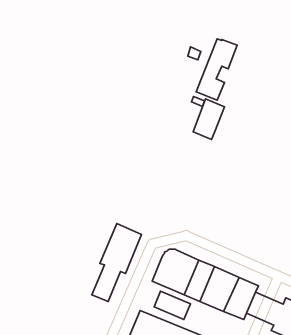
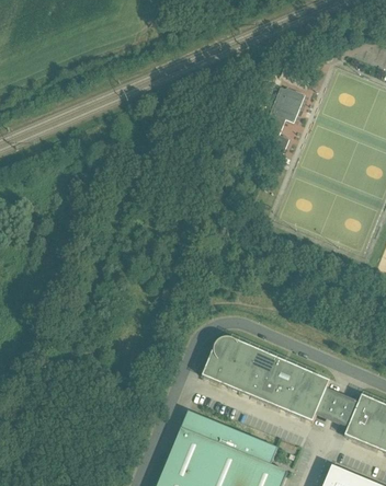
building: [193,99,225,139] -> none
building: [92,224,142,302] -> none
building: [154,291,191,319] -> none

